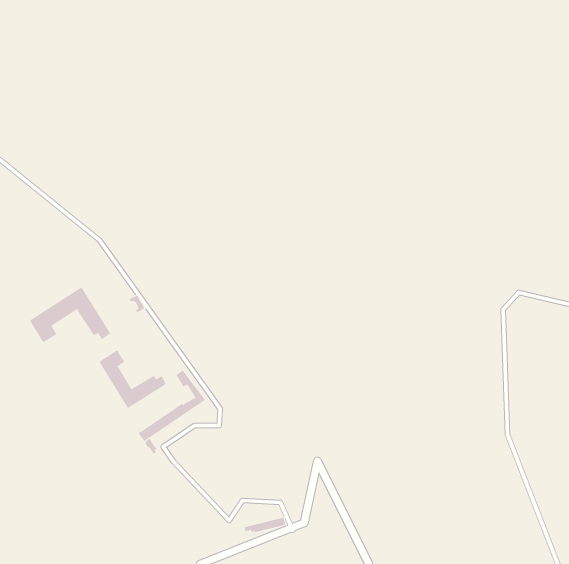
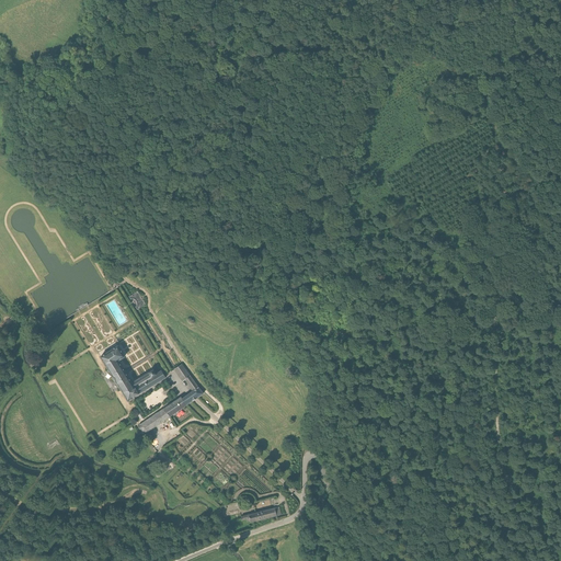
building: [29,287,111,343] -> none

